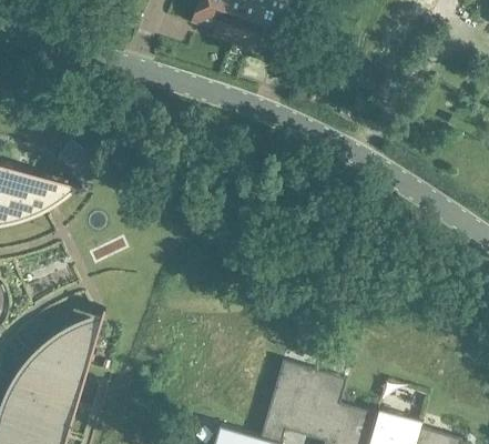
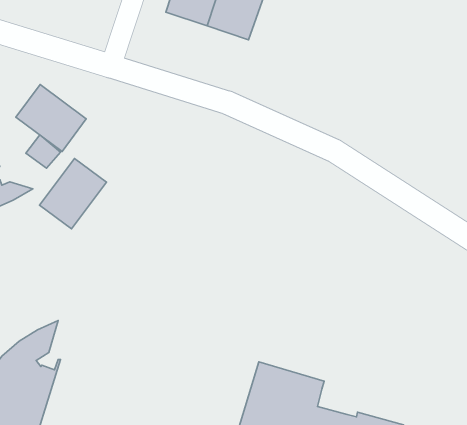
building: none -> [16,84,86,152]
building: none -> [40,159,107,229]

